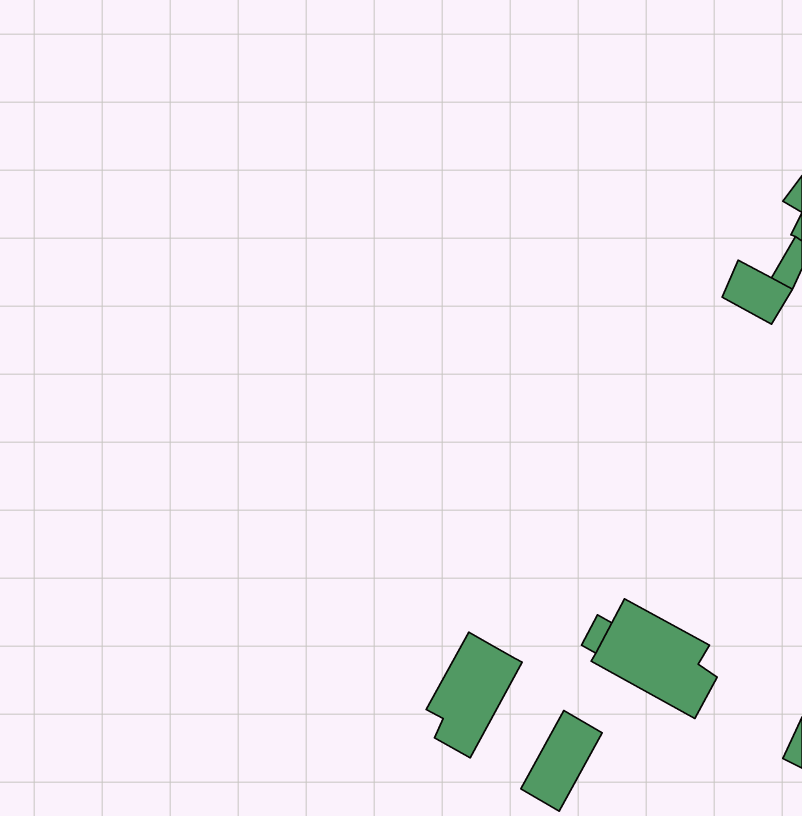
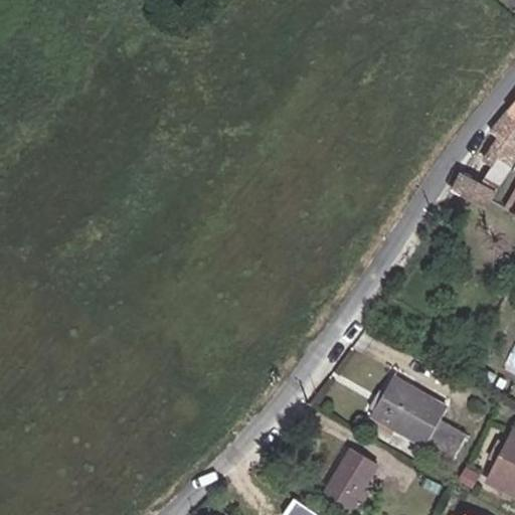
building: [426,632,522,758] -> none

